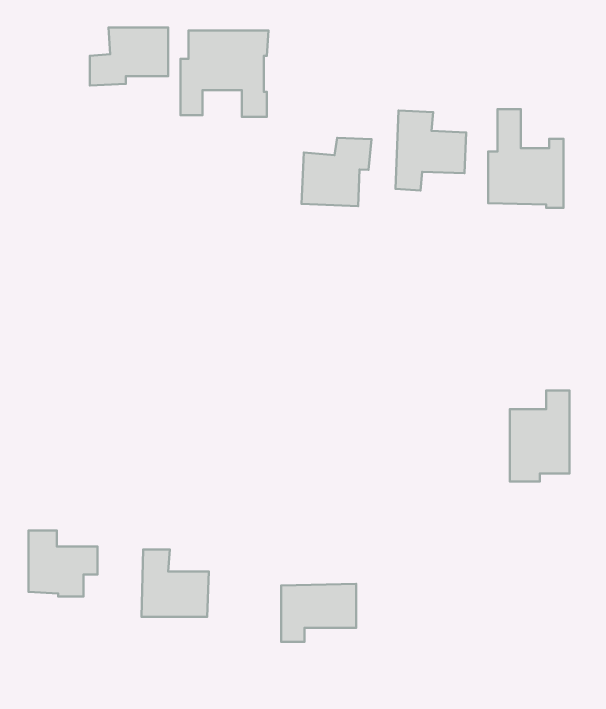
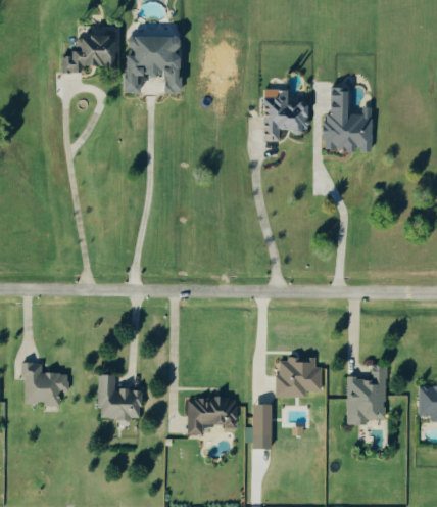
building: [302,138,372,206] -> none
building: [510,390,570,481] -> [347,364,386,423]
building: none -> [276,357,323,397]
building: none -> [251,404,271,449]

